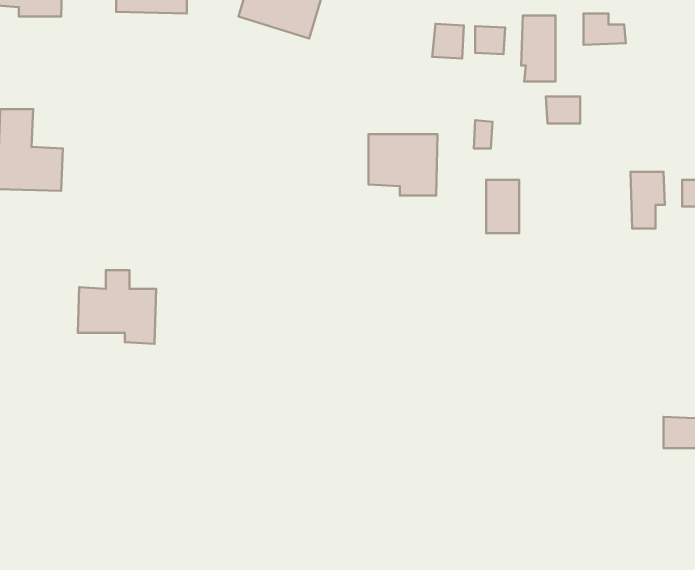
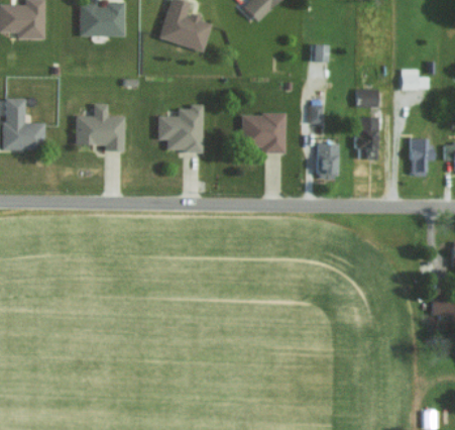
building: [584,13,626,45] -> [401,70,428,90]
building: [521,15,556,81] -> [355,117,377,159]
building: [432,24,464,59] -> none
building: none -> [156,104,202,151]
building: [78,270,156,344] -> [74,104,124,151]

